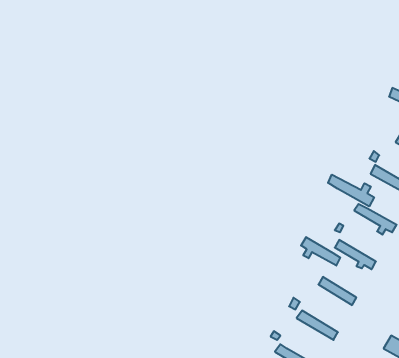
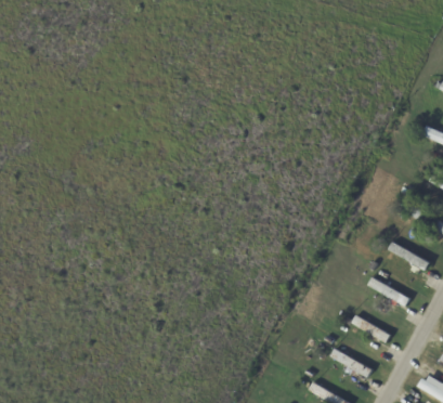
building: [328,175,374,206] -> none
building: [301,237,340,266] -> none

